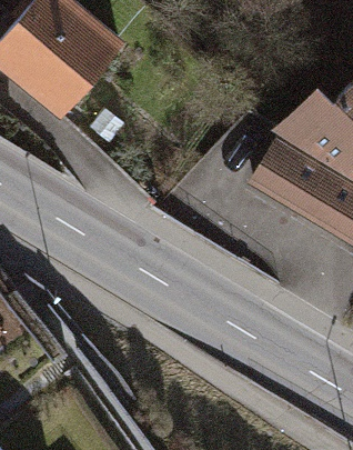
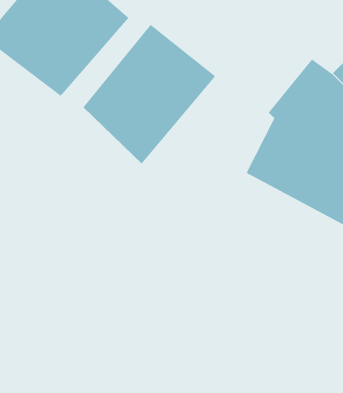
building: none -> [82,24,216,164]

